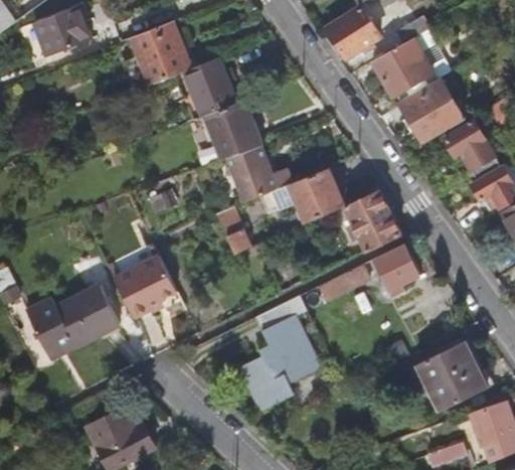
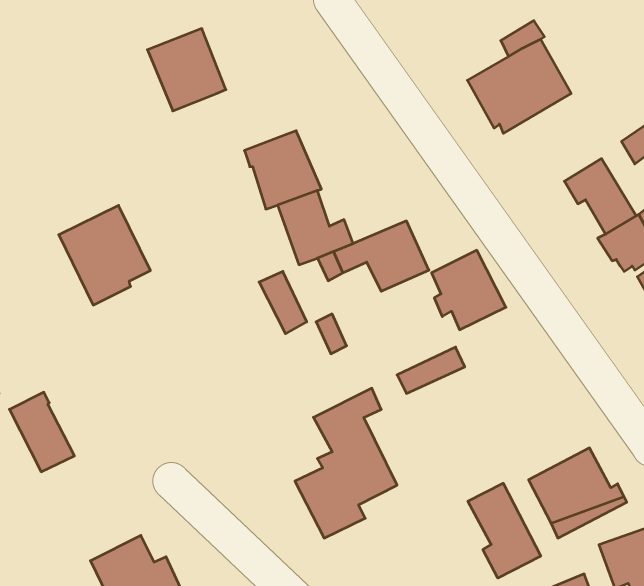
building: [34,7,92,57] -> none
building: [328,7,381,58] -> none
building: [182,58,234,117] -> none
building: [399,80,464,144] -> none
building: [108,243,177,318] -> [59,205,150,305]
building: [373,244,420,295] -> none
building: [54,286,120,347] -> none
building: none -> [468,483,541,578]

